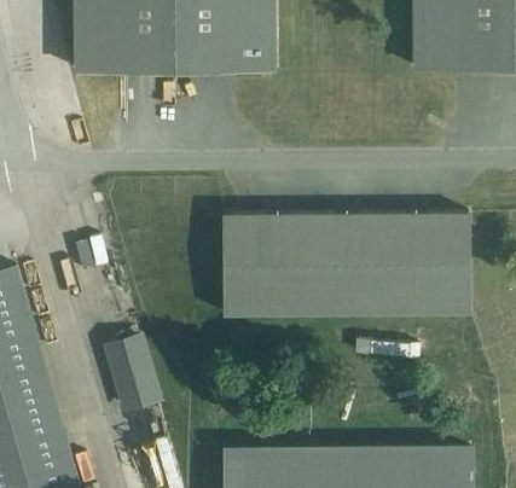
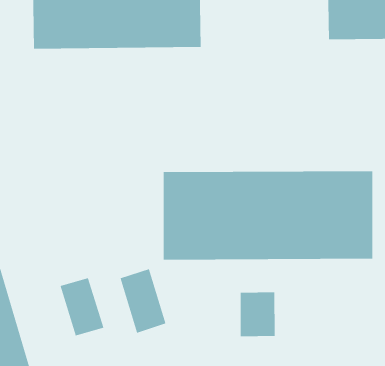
building: none -> [120,268,167,334]
building: none -> [240,291,275,337]

